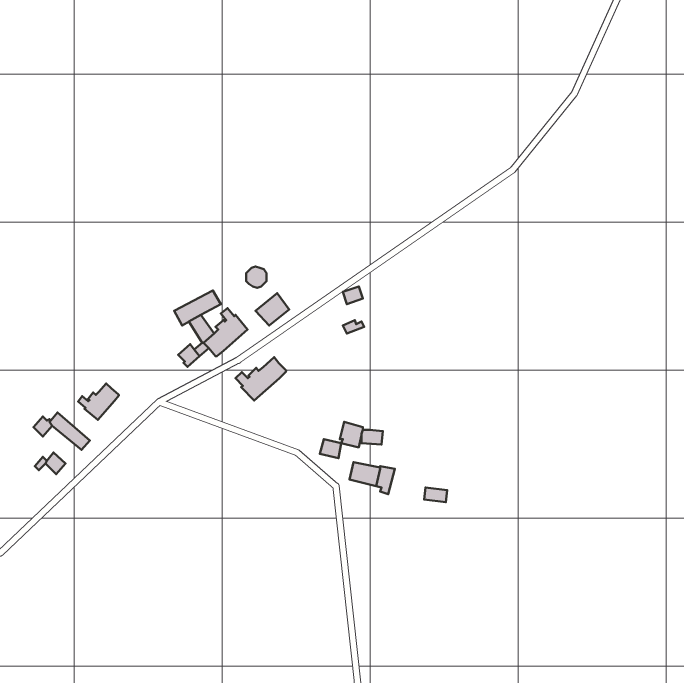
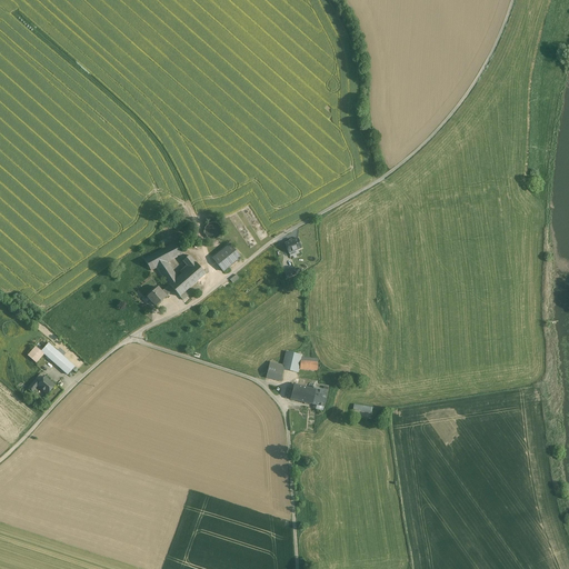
building: [236,357,286,401] -> none
building: [78,383,119,420] -> none

